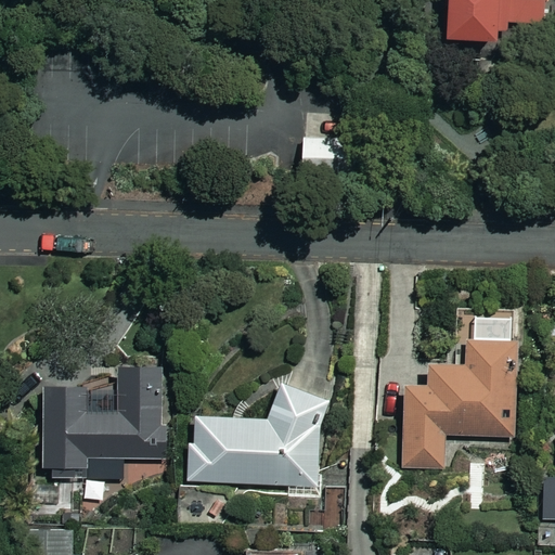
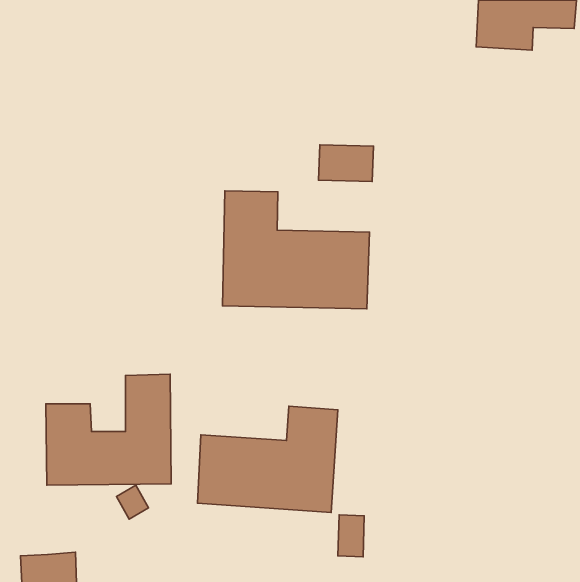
building: none -> [222,191,370,309]
building: [402,317,515,468] -> none

